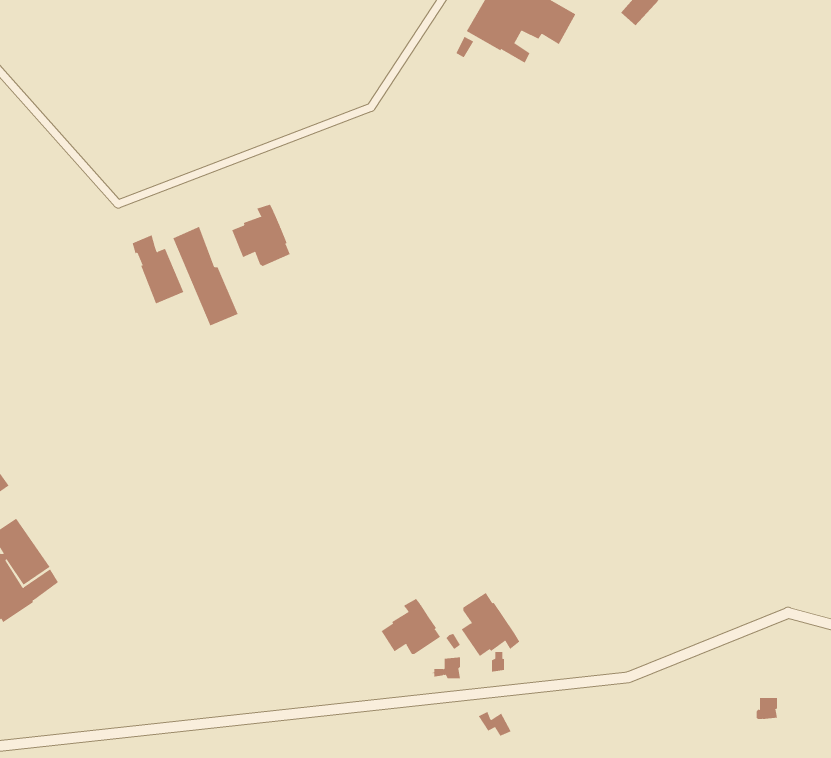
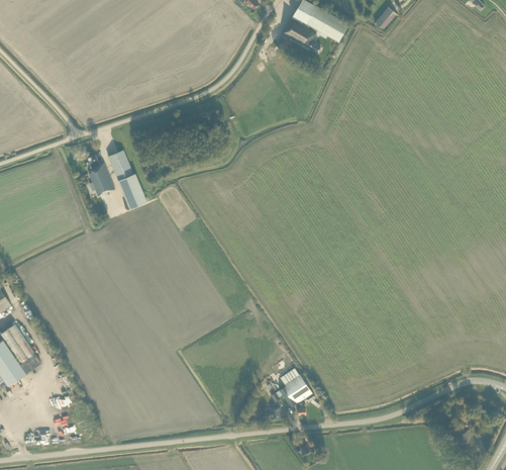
building: [232,204,291,267] -> none
building: [381,598,441,655] -> none

